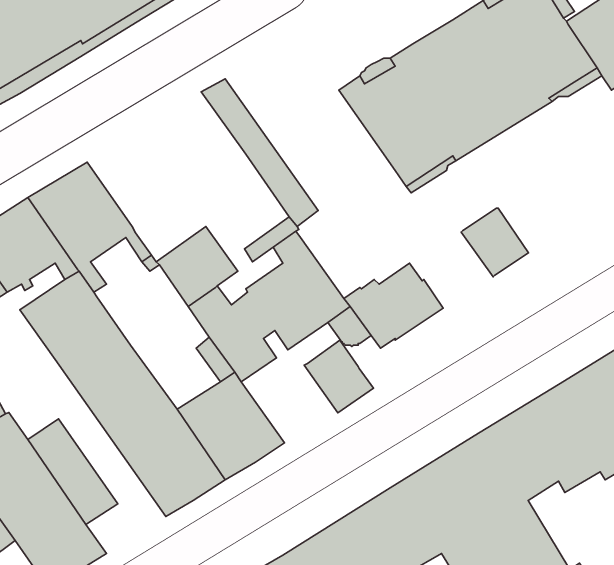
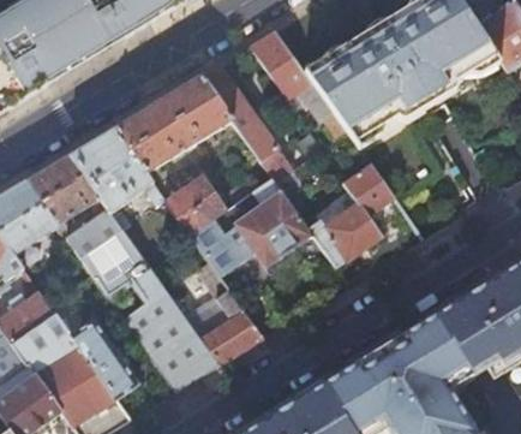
building: none -> [250,29,346,139]
building: none -> [115,73,234,174]
building: [461,208,529,277] -> [342,164,393,215]
building: [304,340,373,413] -> none

